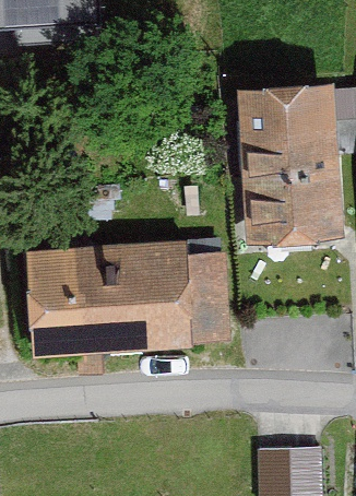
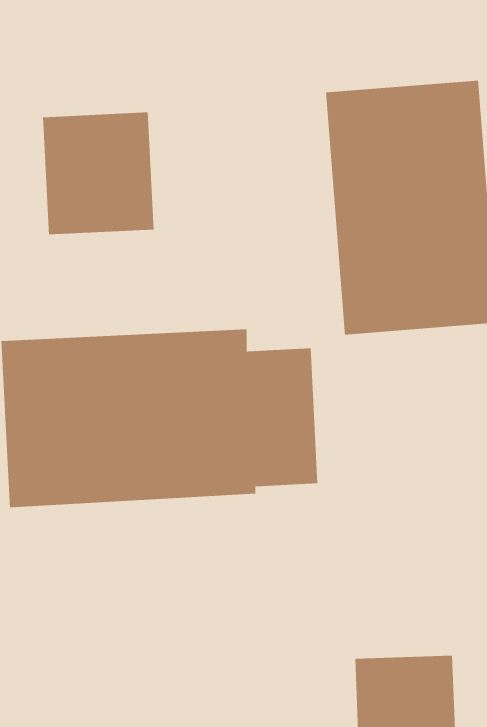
building: none -> [42,112,154,235]

